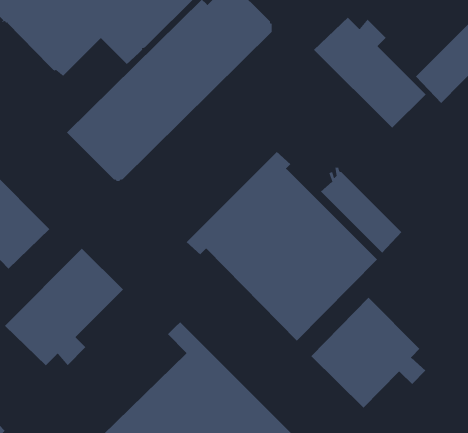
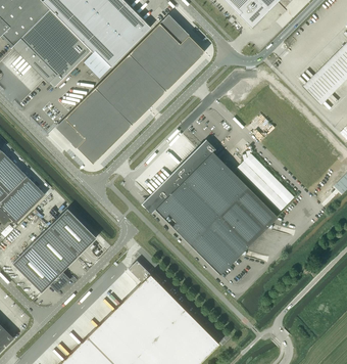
building: [313,17,427,129] -> none
building: [310,297,426,408] -> none

